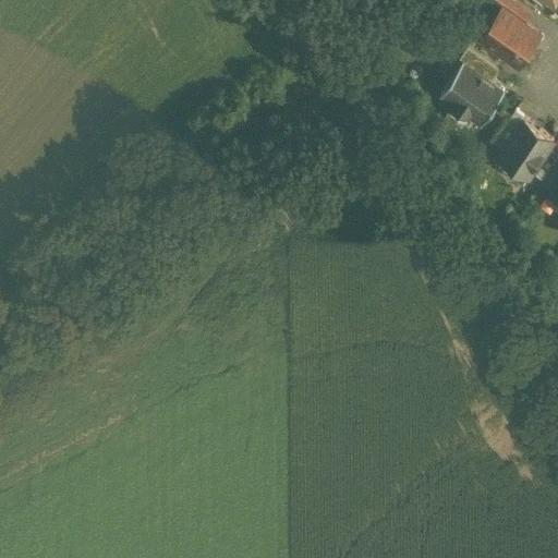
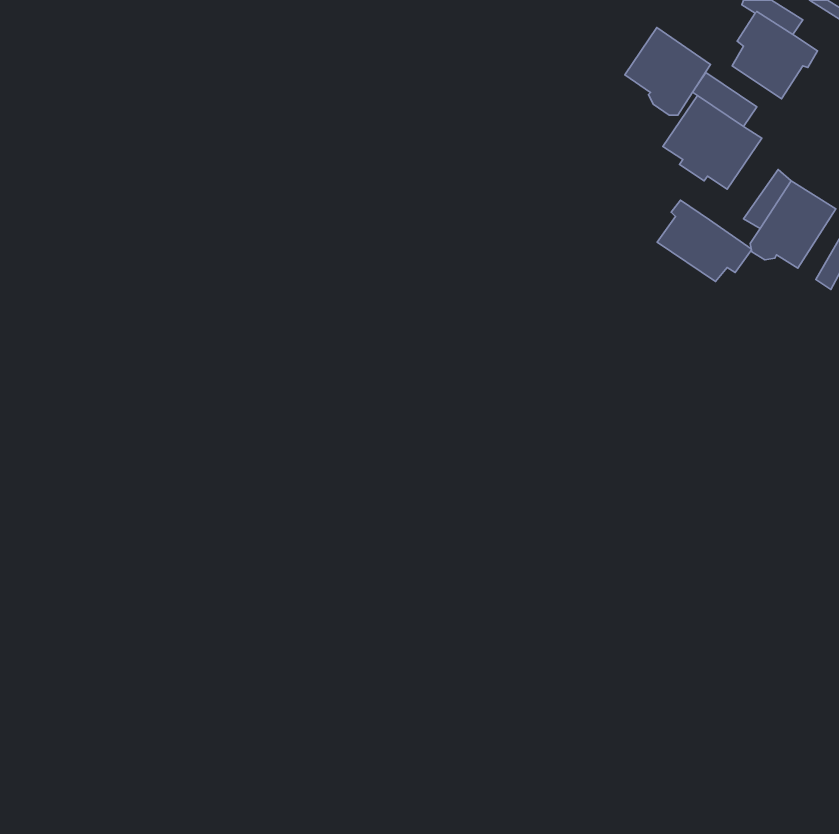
building: none -> [625,28,711,115]
building: none -> [657,200,751,282]

